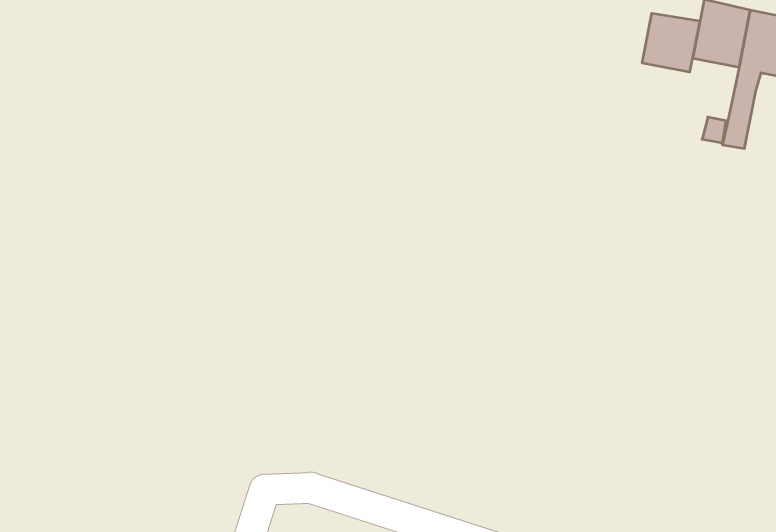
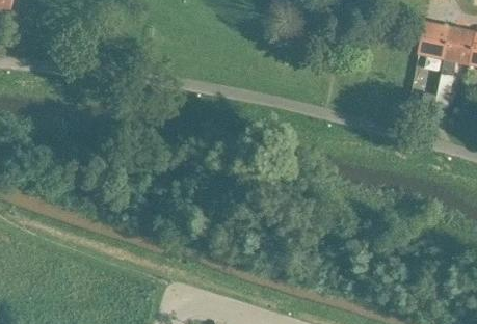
building: [642,13,700,72] -> none

